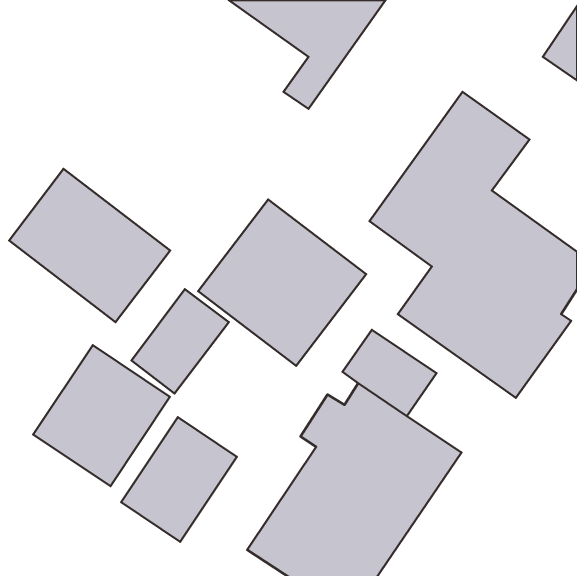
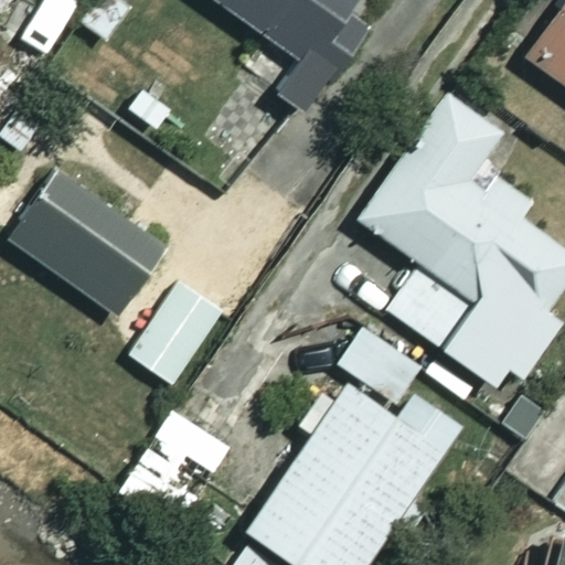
building: [198,200,366,366] -> none
building: [33,345,170,486] -> none

